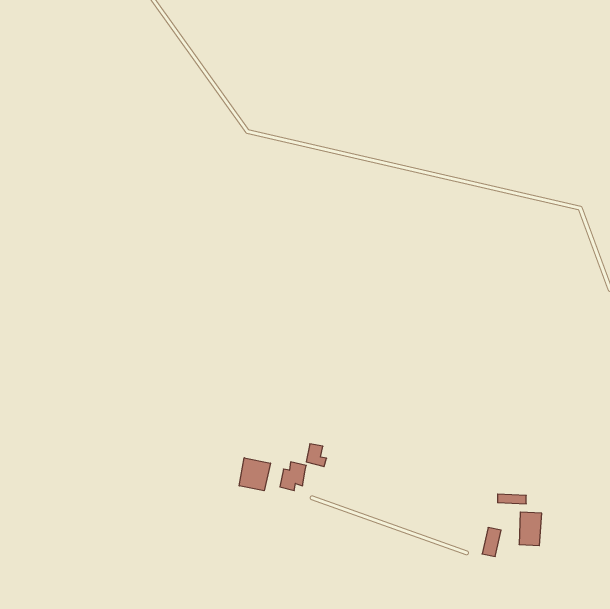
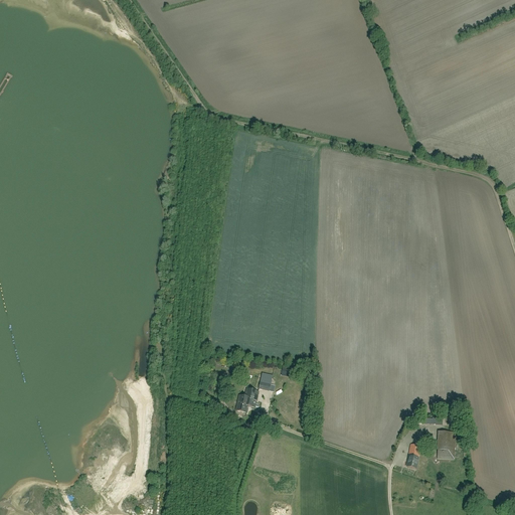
building: [239,458,270,491] -> none

